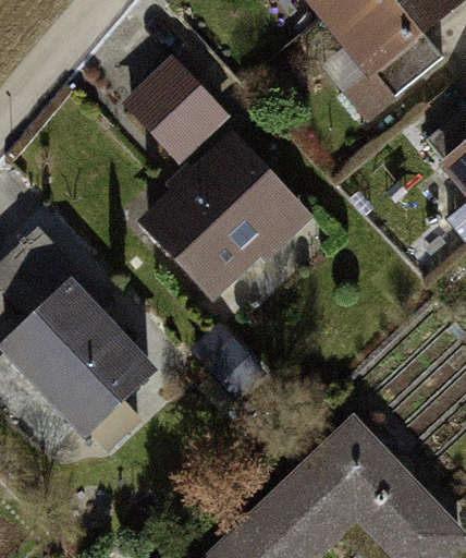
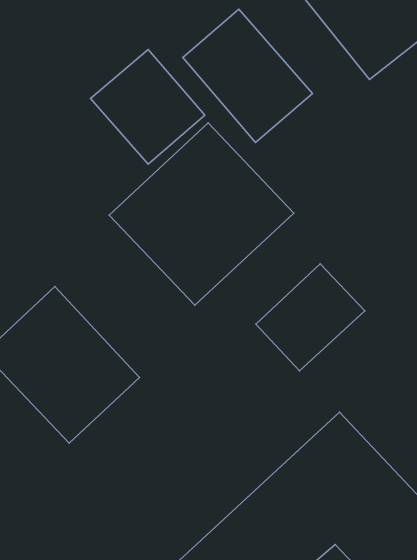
building: none -> [183,9,313,143]
building: none -> [256,264,365,371]

